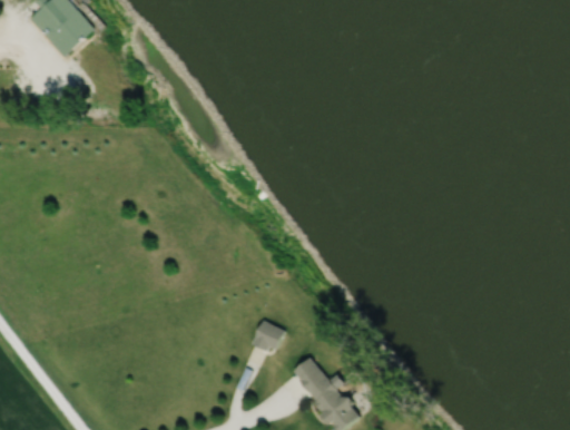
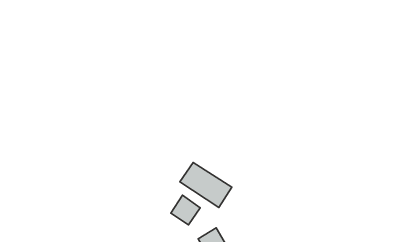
building: none -> [180,163,232,207]

